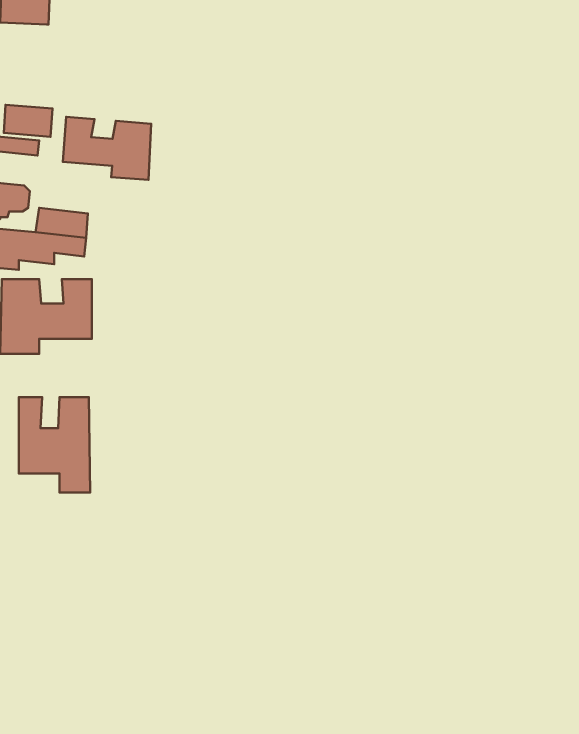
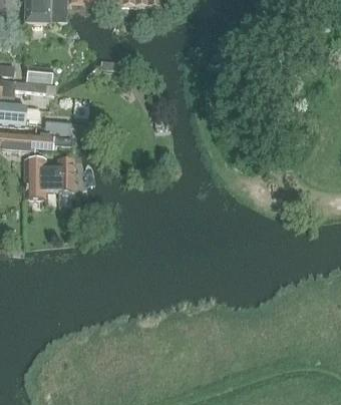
building: [63,117,151,180] -> none
building: [19,397,90,493] -> none

